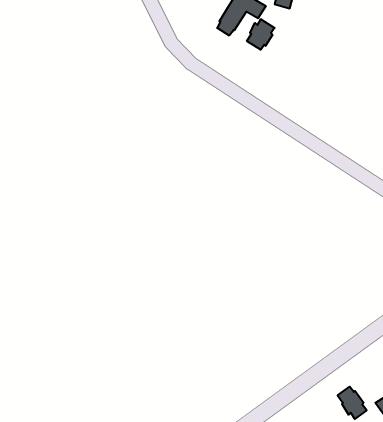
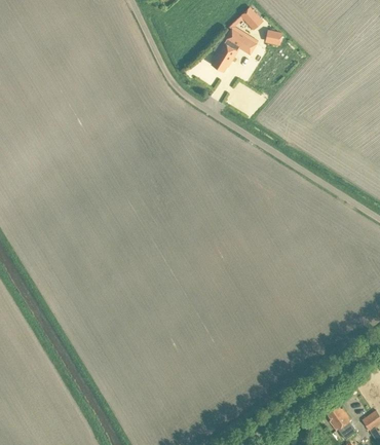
building: [247,19,275,50] -> none

